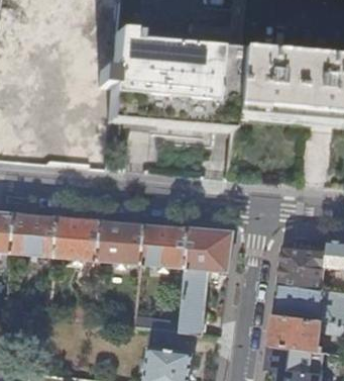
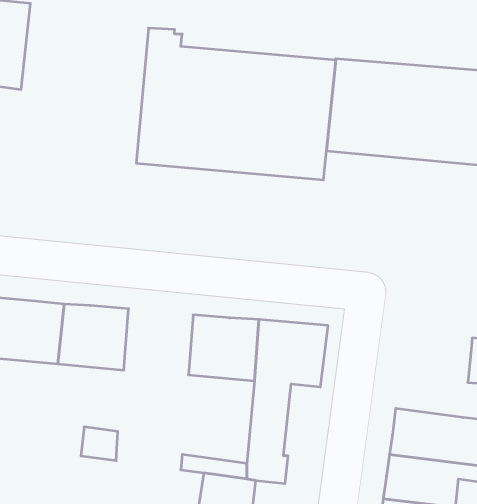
building: [100,219,145,263] -> none
building: [278,246,328,291] -> none

